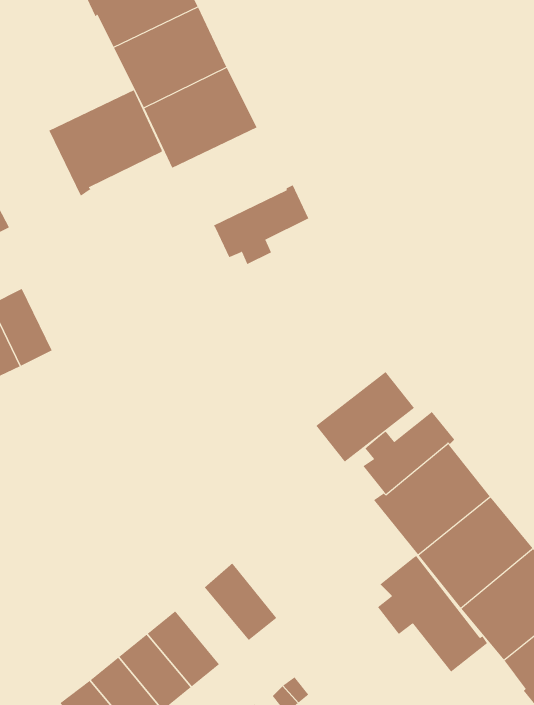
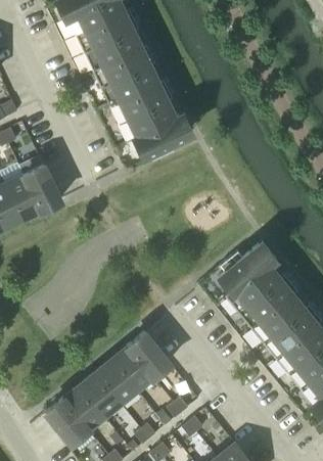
building: [49,89,163,196] -> [110,82,176,143]
building: none -> [25,165,61,210]
building: [315,371,415,462] -> none
building: [377,555,488,673] -> none
building: none -> [112,345,154,389]

